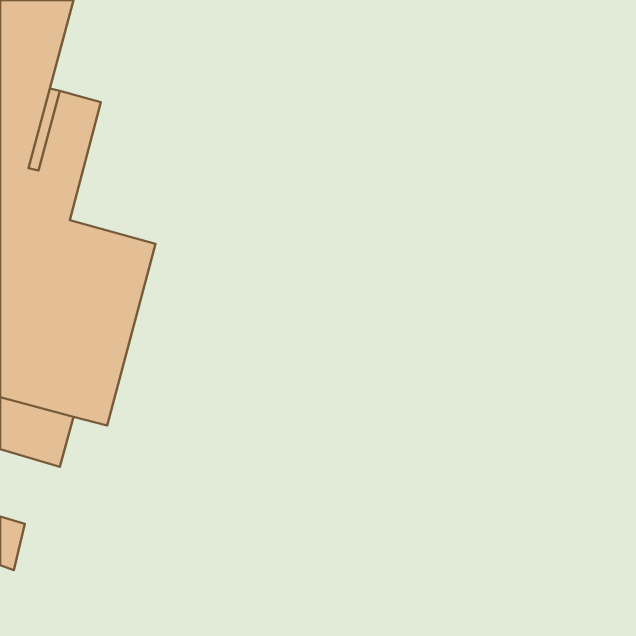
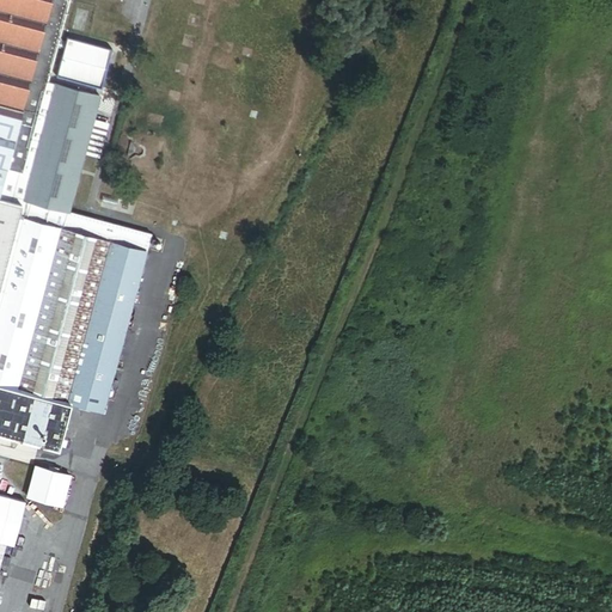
building: none -> [56,39,111,88]
building: none -> [27,467,69,506]

